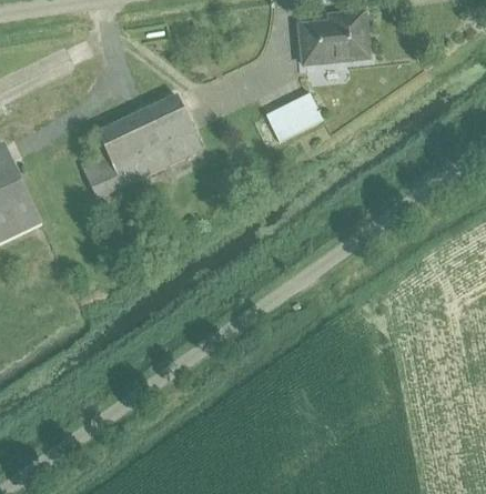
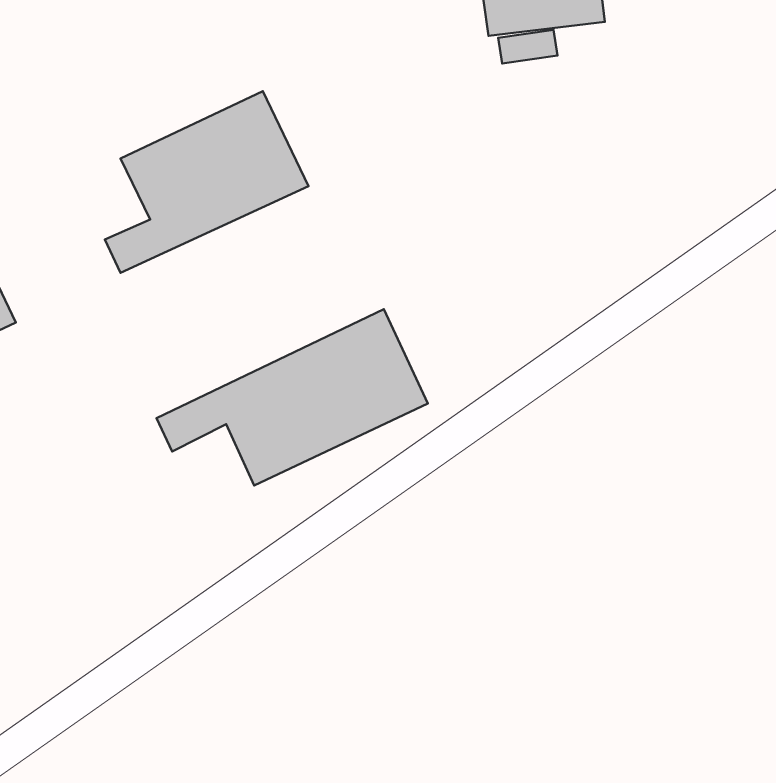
building: [267,91,323,138] -> none
building: none -> [156,309,428,485]

